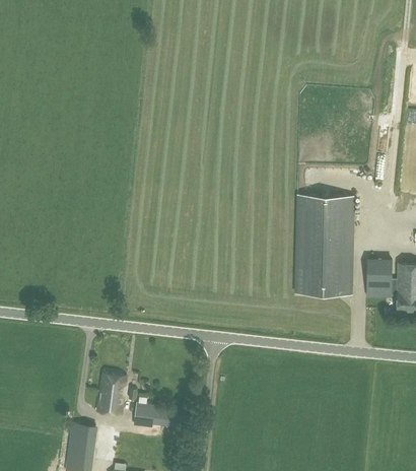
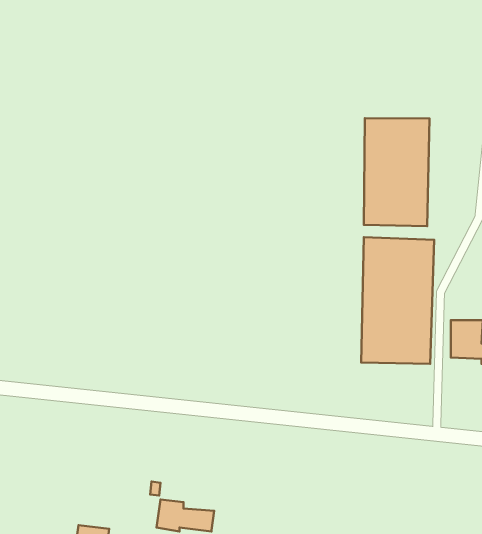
building: none -> [364,118,429,226]
building: [97,373,126,413] -> none

